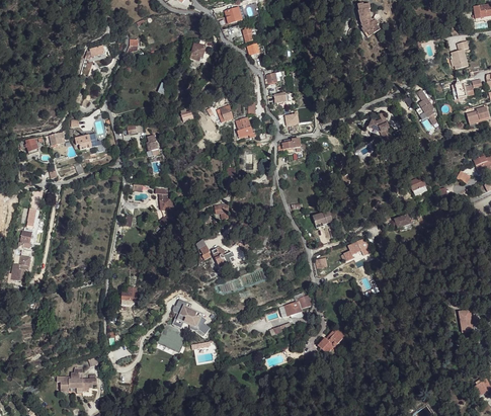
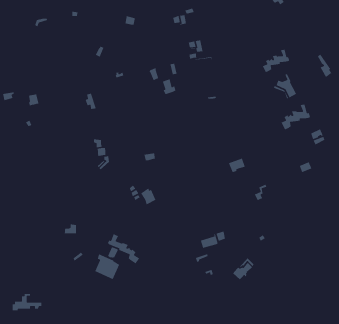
building: none -> [262,49,290,73]
building: none -> [280,104,311,131]

